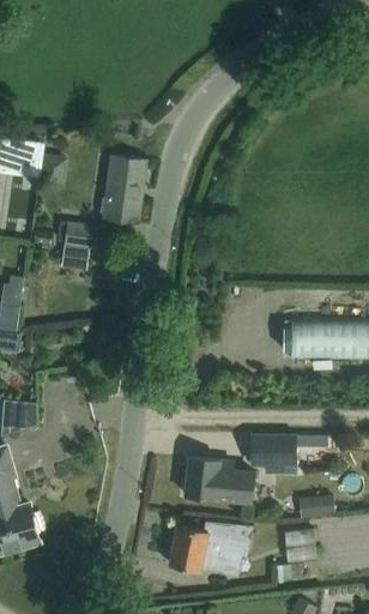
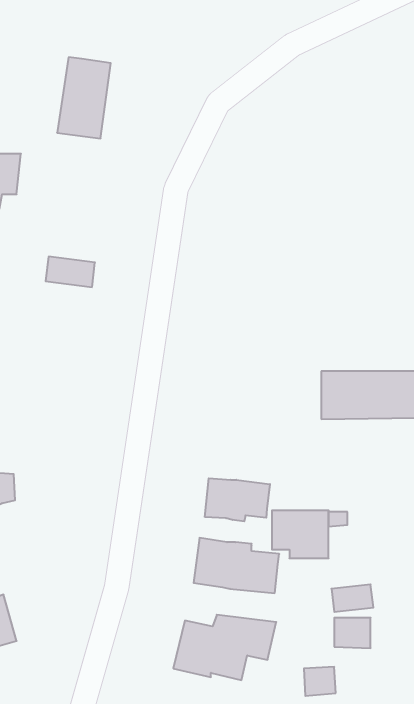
building: [102,156,146,223] -> [57,57,111,138]
building: none -> [205,478,270,521]

